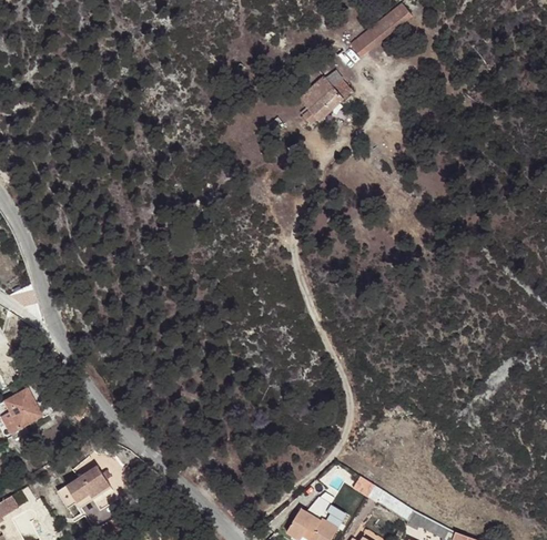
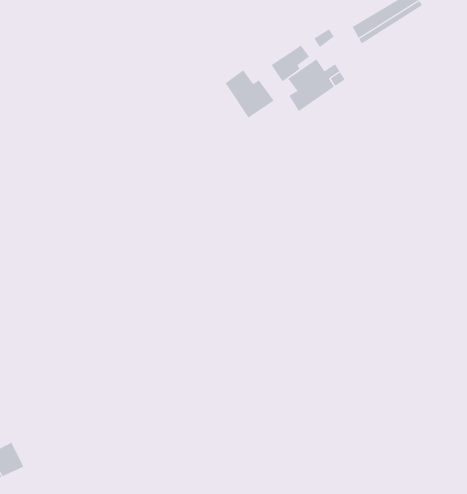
building: none -> [271,45,310,82]
building: none -> [225,69,274,118]

